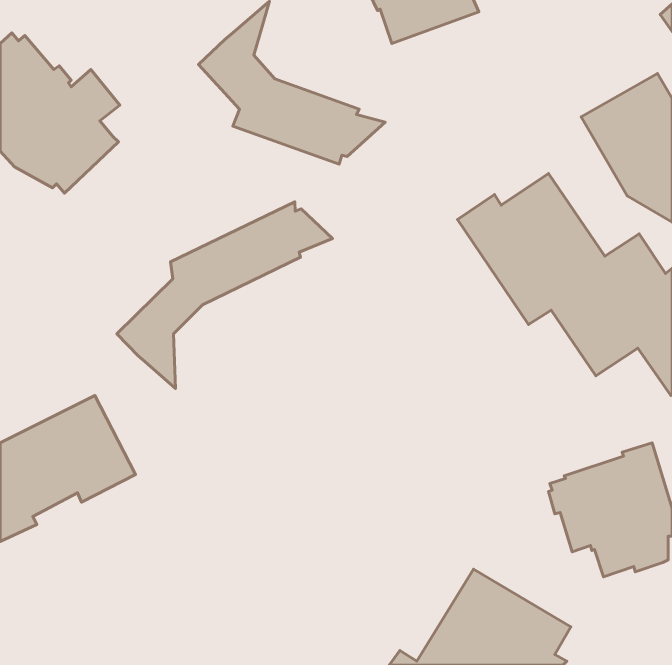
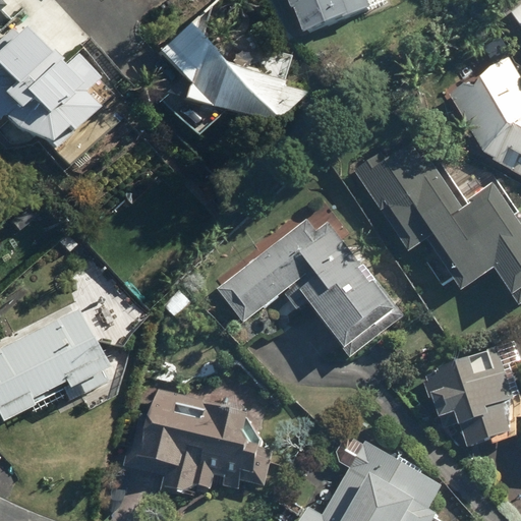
building: [117,202,332,389] -> none
building: none -> [219,218,406,358]
building: none -> [124,386,273,494]

